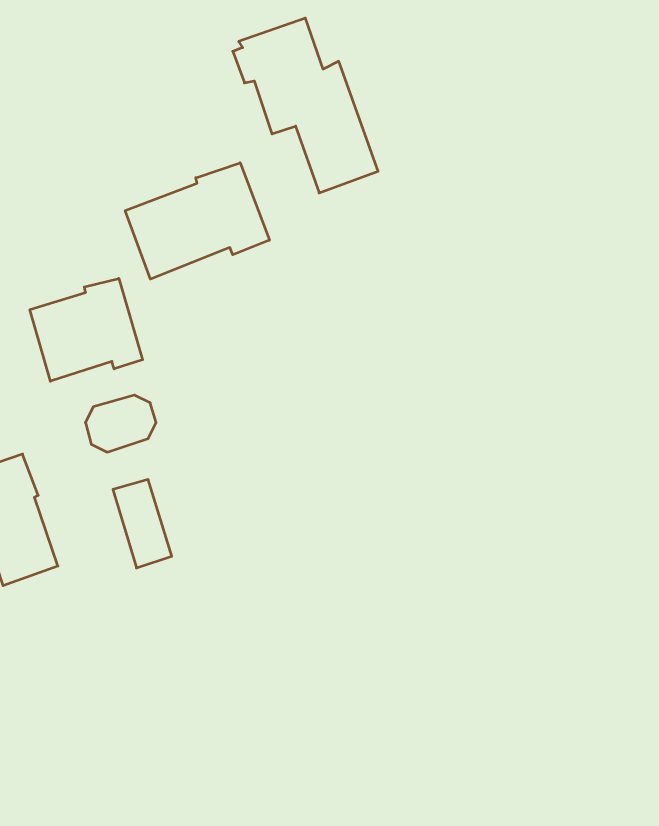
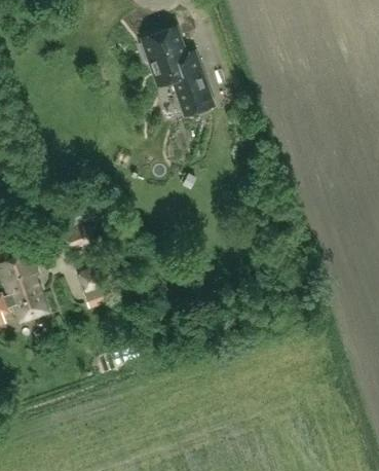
building: [125,163,269,279] -> none
building: [30,278,143,381] -> none

